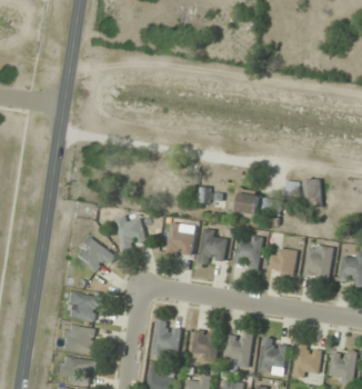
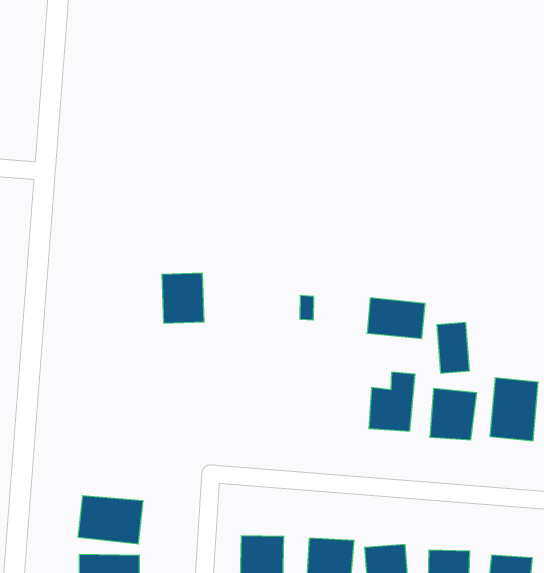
building: [304,178,321,206] -> [437,322,470,373]
building: [119,217,143,246] -> [162,273,204,323]
building: [167,222,195,256] -> none
building: [201,230,224,263] -> none
building: [72,235,115,270] -> none

